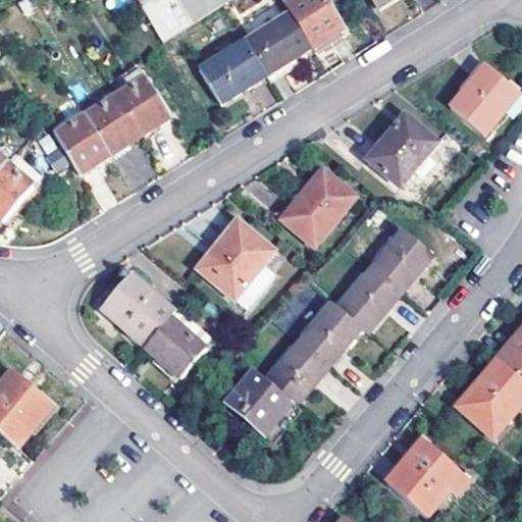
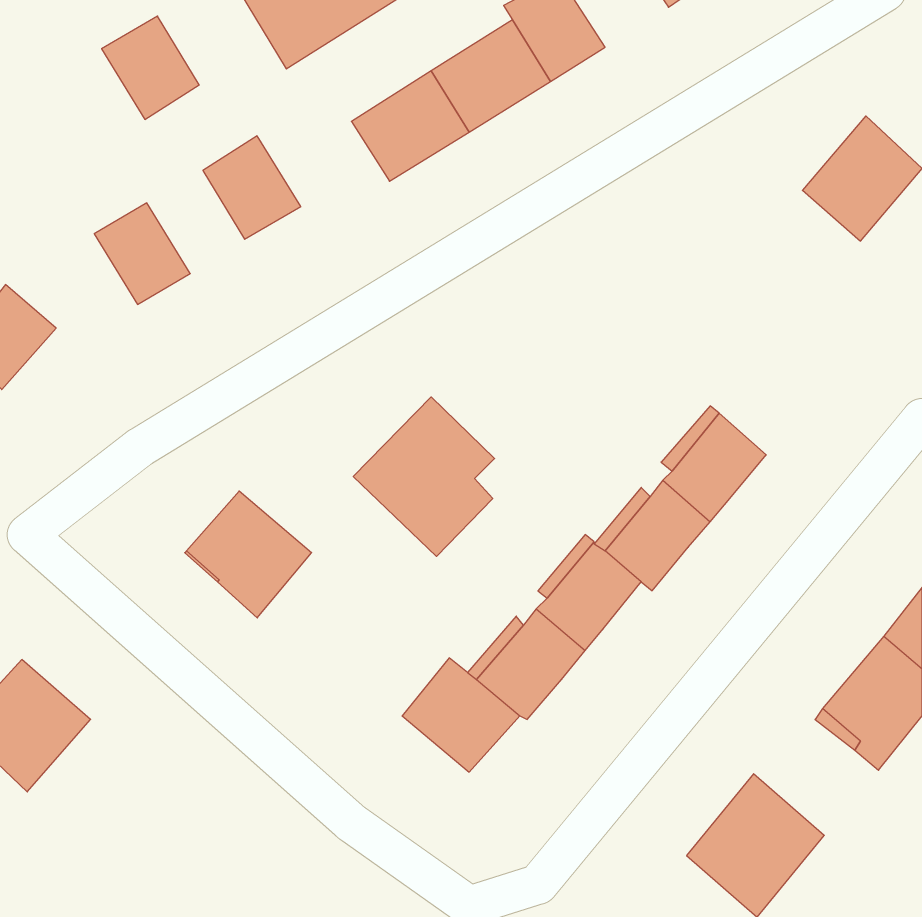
building: [83,96,138,154] -> [102,16,199,119]
building: [366,110,437,184] -> none
building: [280,169,352,242] -> none
building: [145,308,210,377] -> none

